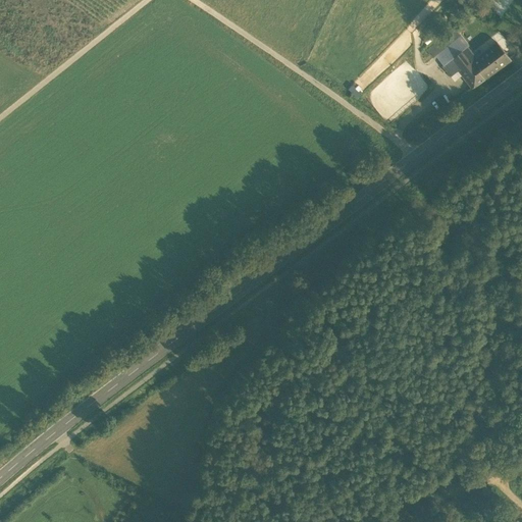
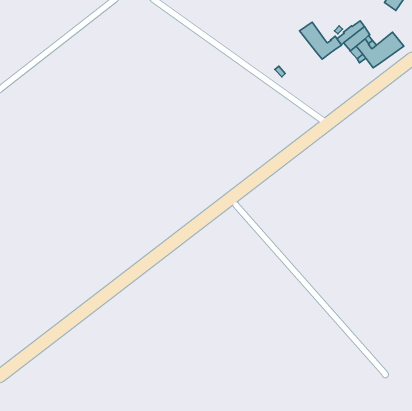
building: none -> [300,22,341,59]

